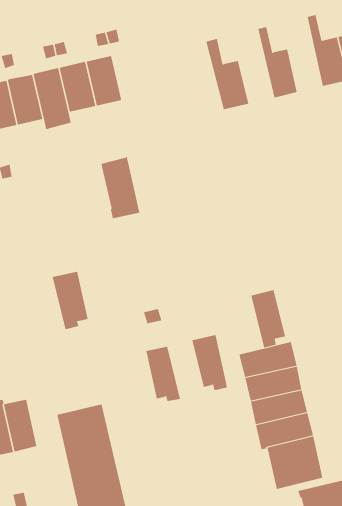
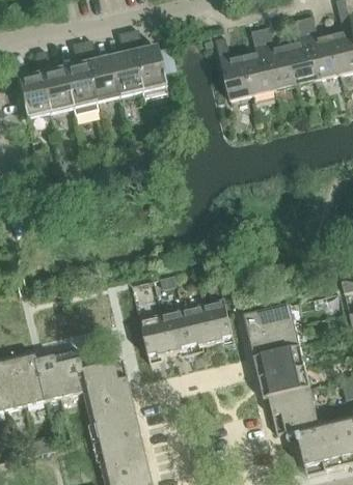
building: none -> [287,17,317,83]
building: none -> [243,27,274,93]
building: [100,156,140,219] -> [131,45,166,99]
building: [52,271,88,330] -> [138,311,170,363]
building: [251,290,286,348] -> [181,302,212,353]
building: none -> [56,346,82,395]

